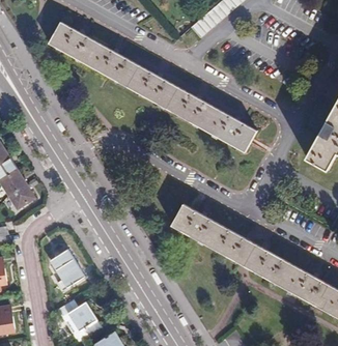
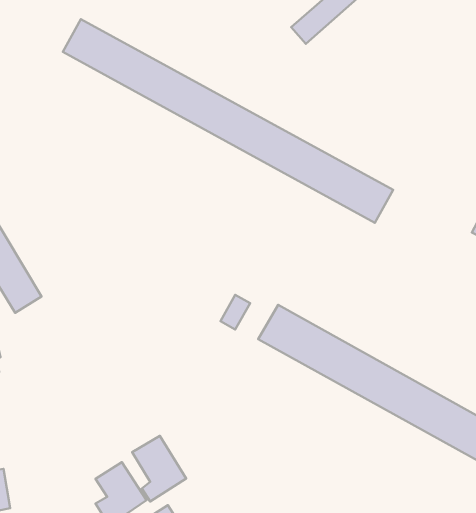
building: [50,250,84,291] -> [132,436,186,502]

